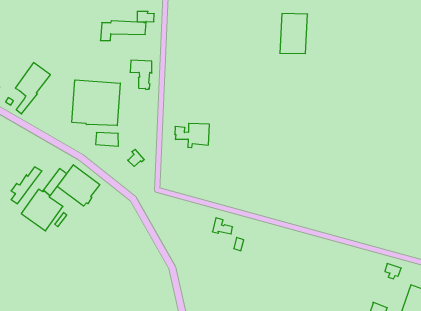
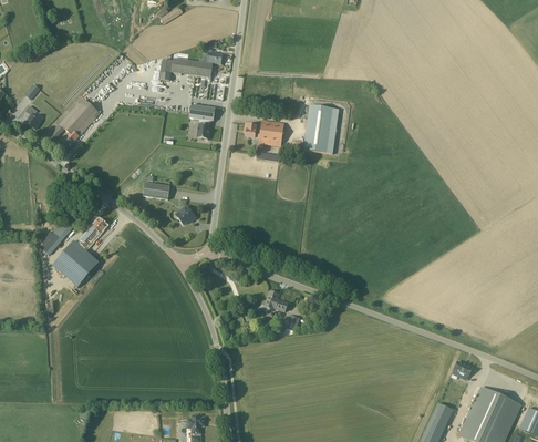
building: [280,14,308,54] -> [303,105,339,153]
building: [72,80,120,126] -> none
building: [175,123,209,148] -> [245,120,284,147]
building: [57,165,100,206] -> none

